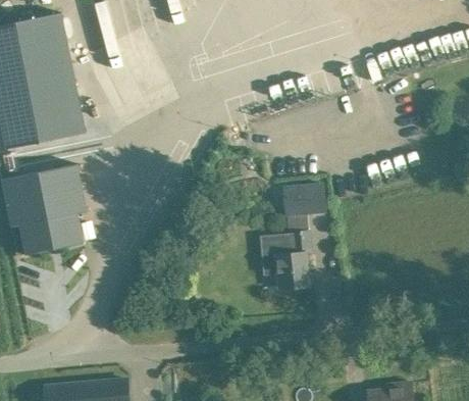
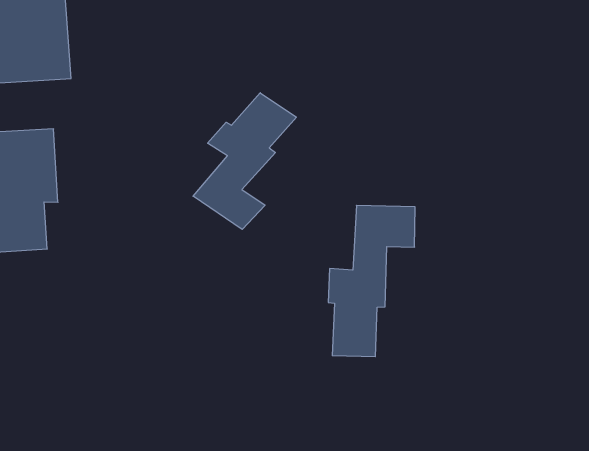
building: none -> [193,93,296,229]

